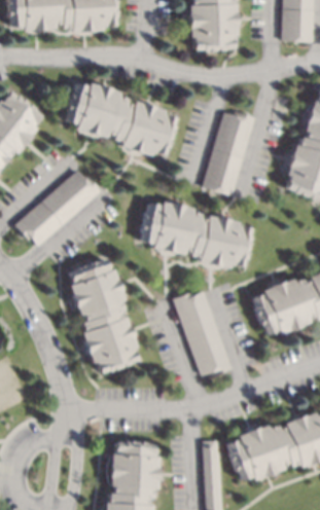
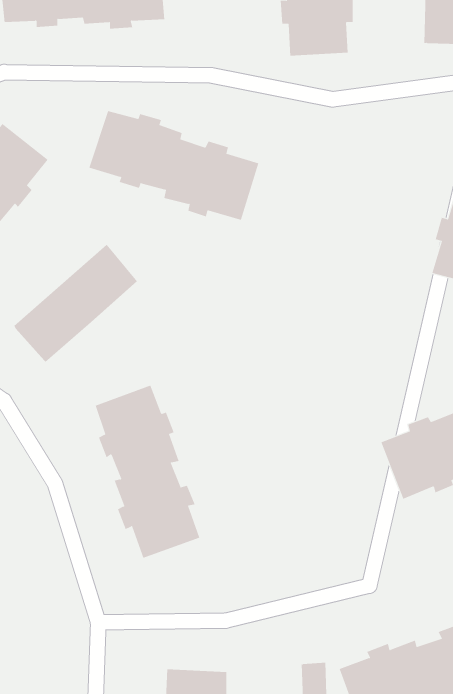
building: [203,111,256,195] -> none
building: [141,203,251,266] -> none
building: [174,291,233,375] -> none

